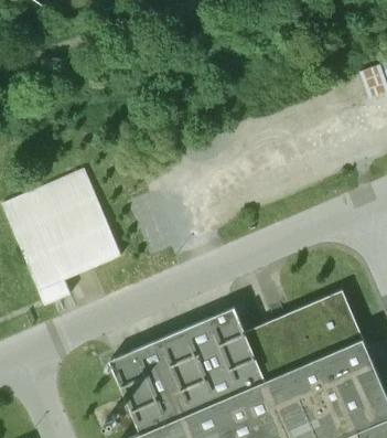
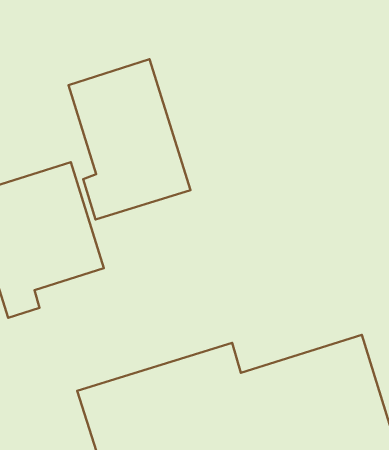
building: none -> [68,59,191,220]

